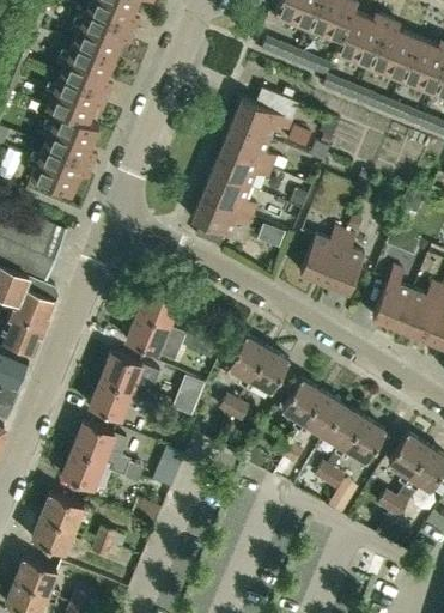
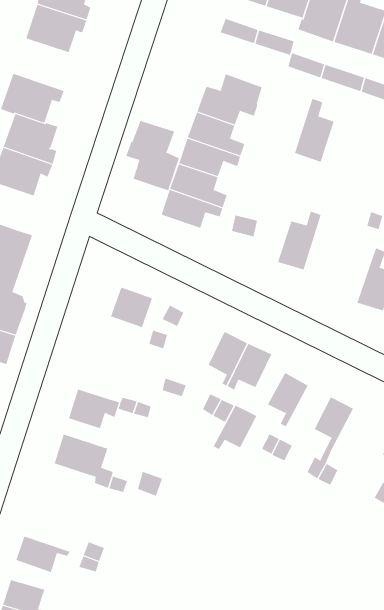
building: [60,43,115,96] -> none
building: none -> [125,120,180,191]
building: [324,231,365,293] -> [294,98,335,163]
building: [126,314,166,354] -> none
building: [101,353,142,393] -> none
building: [297,393,341,435] -> [213,405,257,450]
building: [339,418,384,461] -> none
building: [62,450,102,490] -> none
building: [39,493,85,535] -> none

